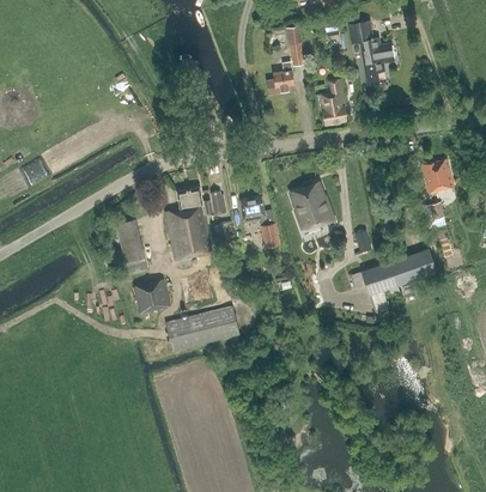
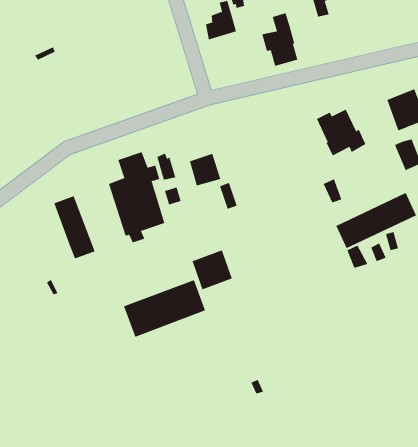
building: [291,186,333,226] -> [316,109,366,156]
building: [134,279,169,312] -> none
building: none -> [192,250,233,290]

